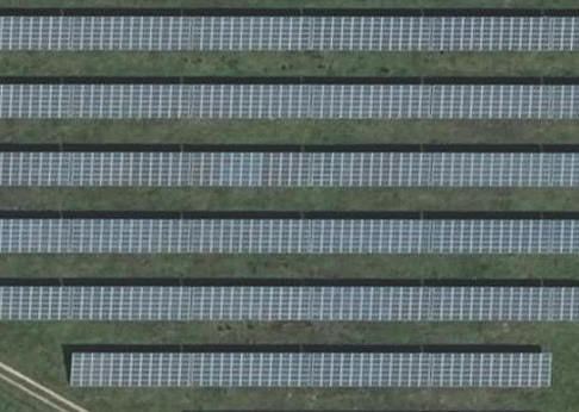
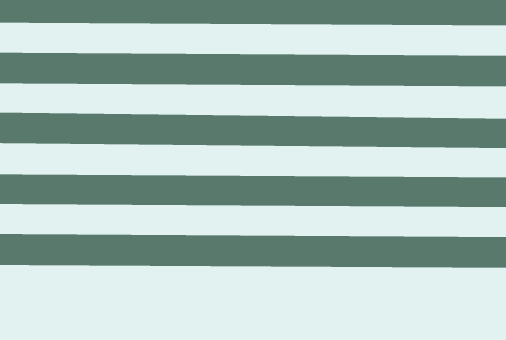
building: [70,349,552,388] -> none

